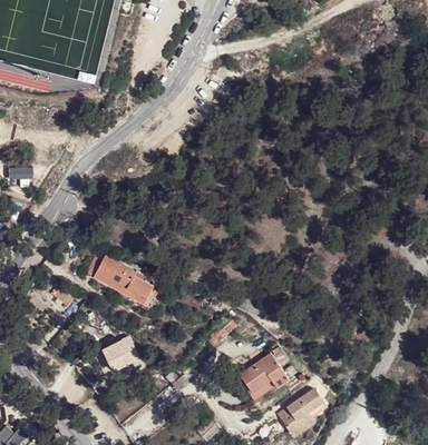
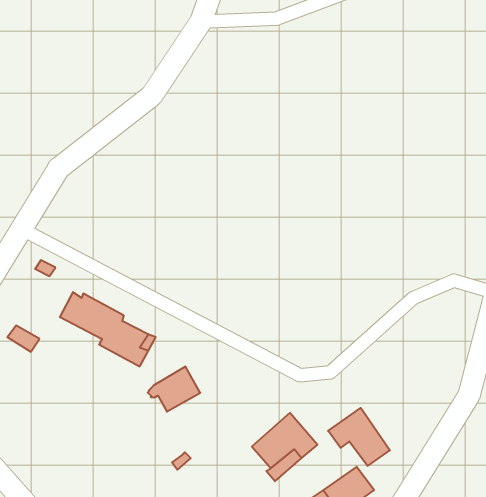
building: [99,338,139,373] -> [148,367,200,412]
building: none -> [328,408,390,466]

